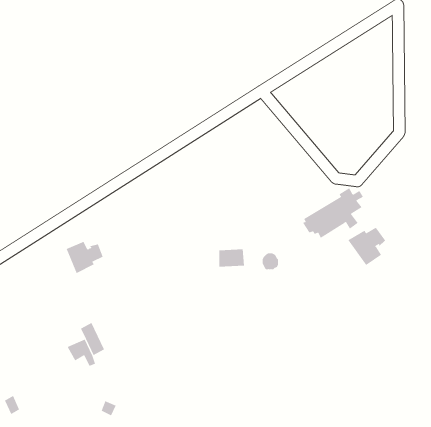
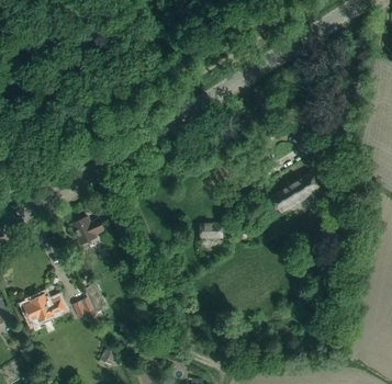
building: [348,227,386,266] -> none
building: none -> [23,294,64,319]

